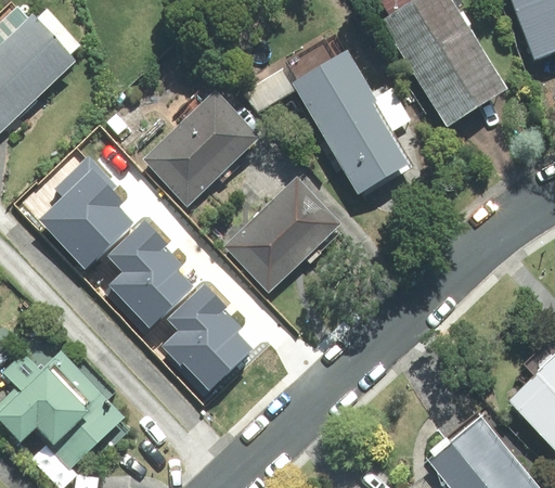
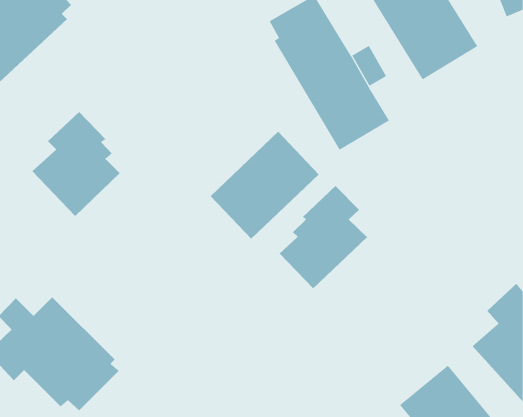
building: [144,91,259,204] -> none
building: [108,221,193,328] -> none
building: none -> [279,185,368,289]
building: [165,283,250,390] -> none

